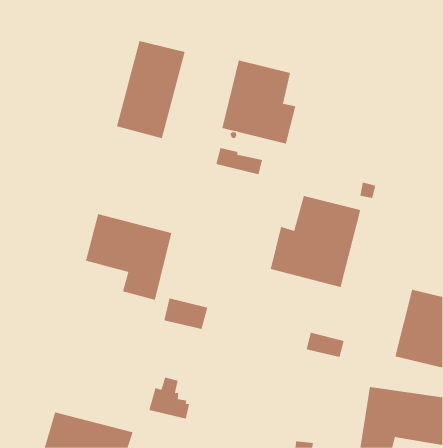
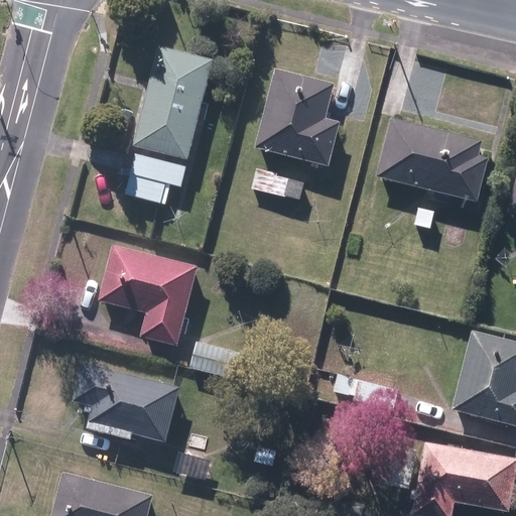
building: none -> [376,118,488,203]
building: none -> [126,153,184,200]
building: [270,195,361,288] -> none
building: none -> [73,363,179,440]

